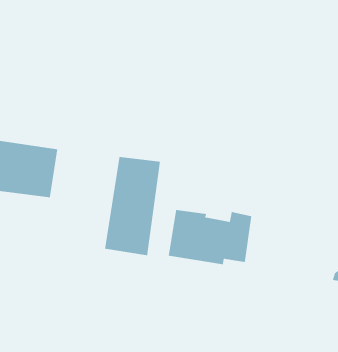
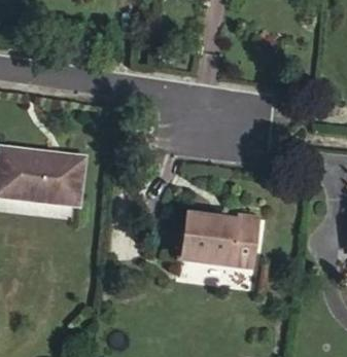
building: [104,156,161,256] -> none

